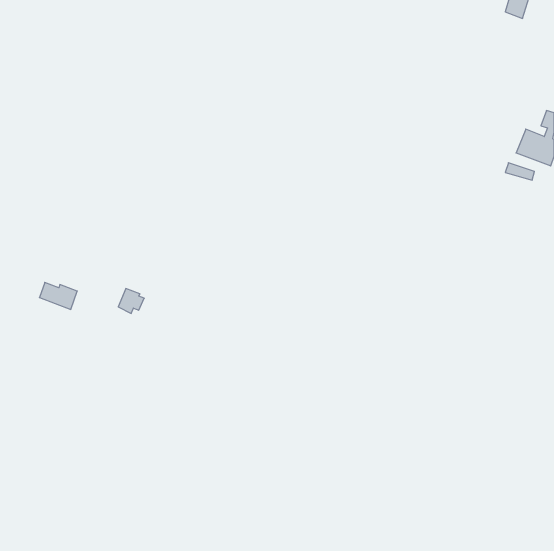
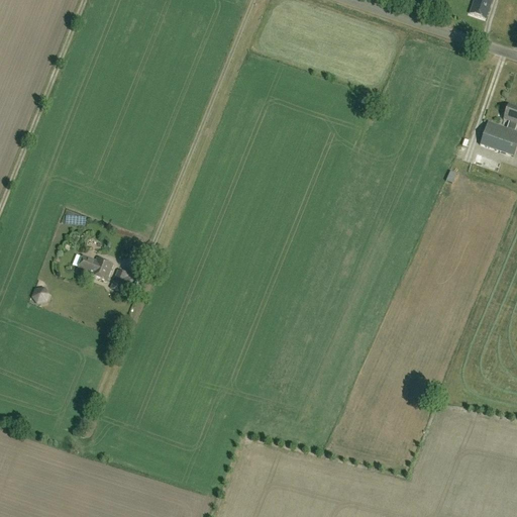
building: [39,282,77,309] -> [78,254,113,280]

